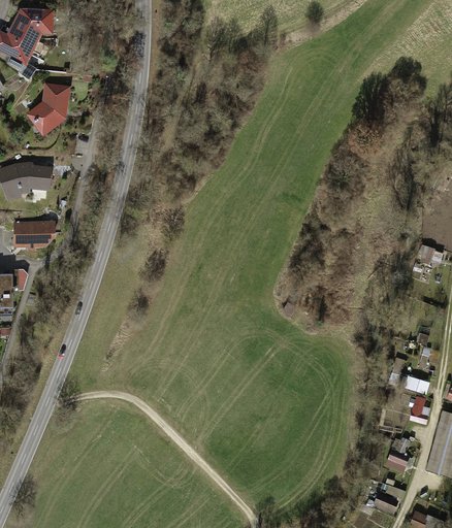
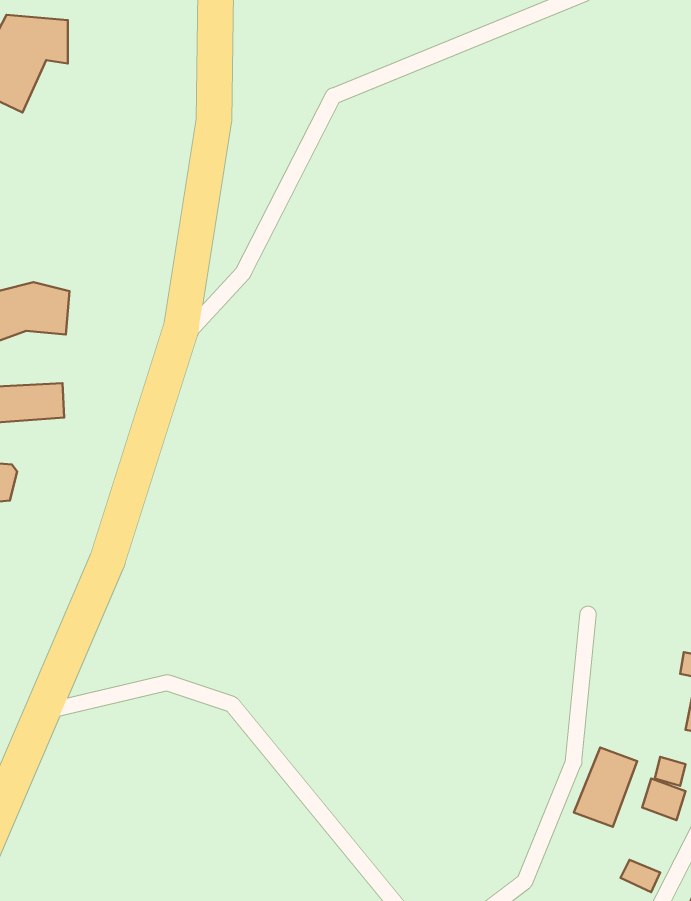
building: [28,85,72,137] -> none
building: none -> [574,747,637,827]

